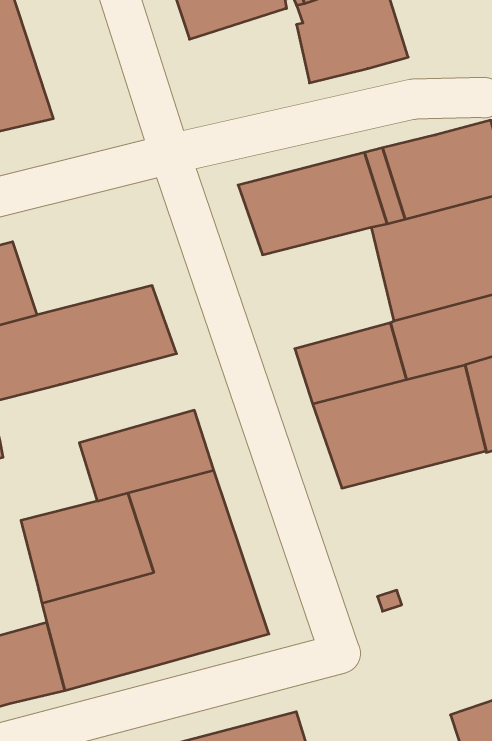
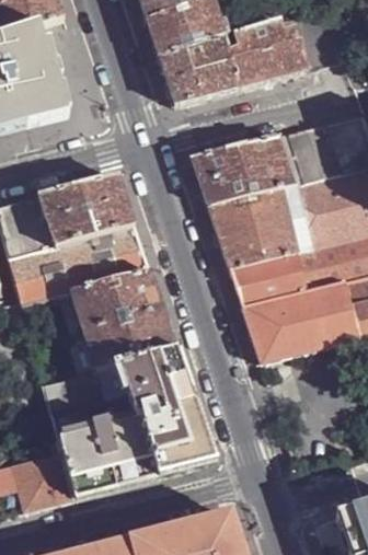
building: none -> [159,36,240,102]
building: none -> [39,174,134,243]
building: none -> [208,184,297,266]
building: none -> [71,269,162,329]

